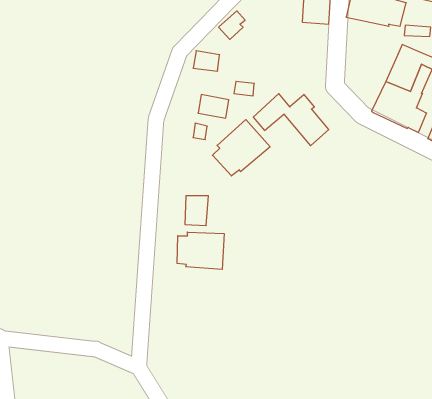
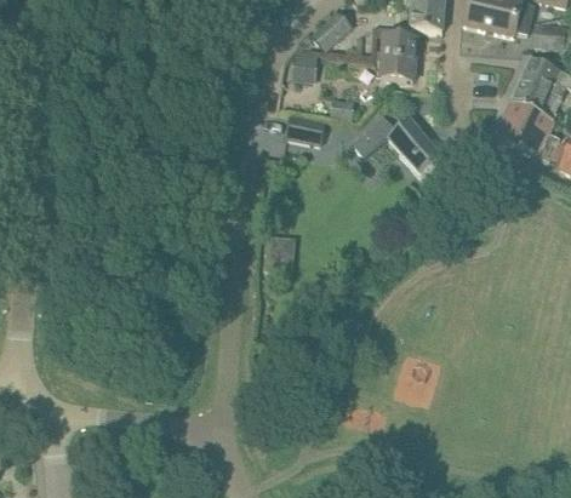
building: none -> [381,36,417,80]
building: [212,120,270,176] -> none
building: [177,232,224,269] -> none

